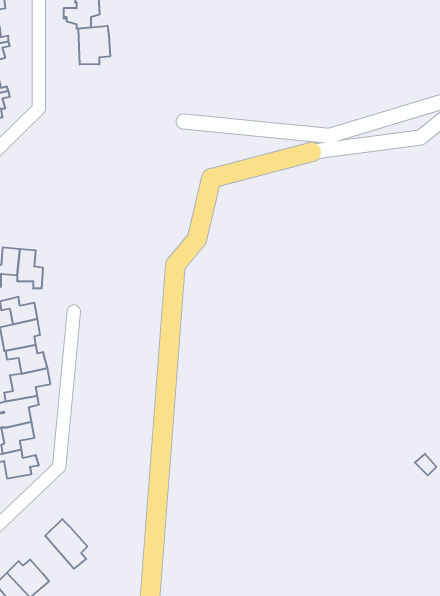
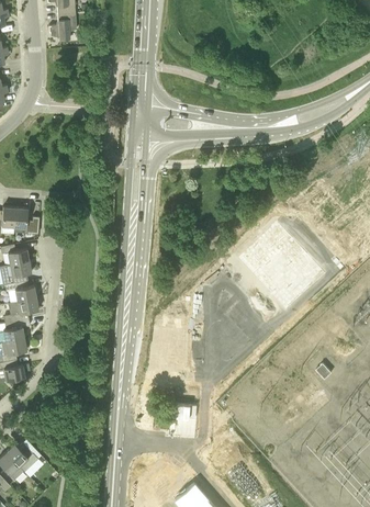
building: [78,26,110,65] -> none
building: [45,519,87,569] -> none

